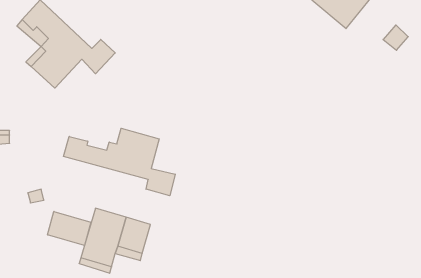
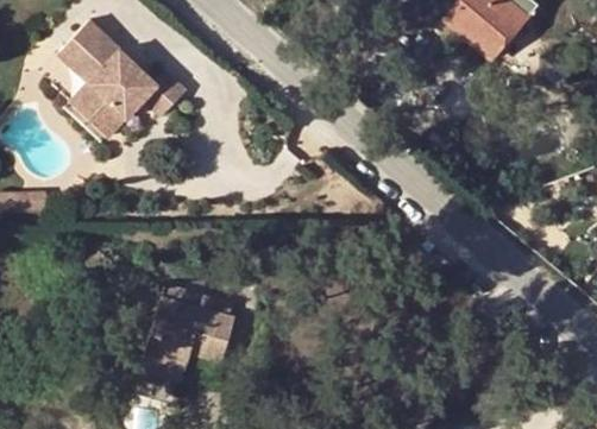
building: [63,128,175,196] -> none
building: [48,211,91,246] -> none

